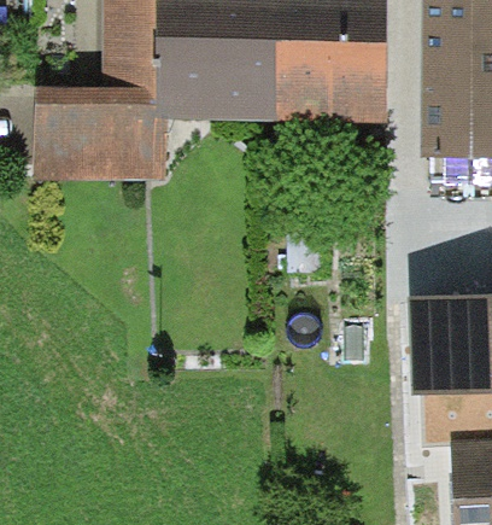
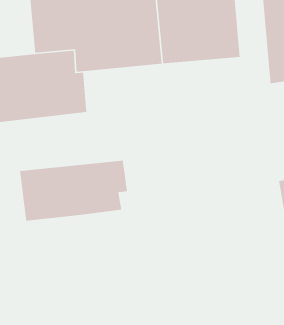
building: none -> [19,160,128,221]

